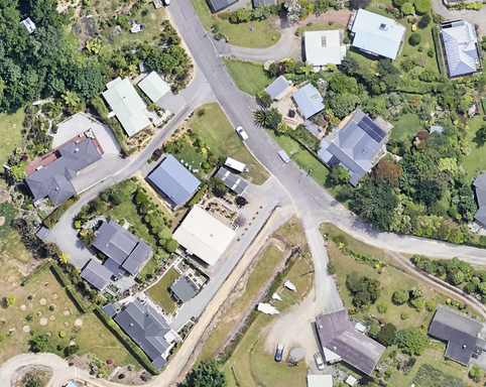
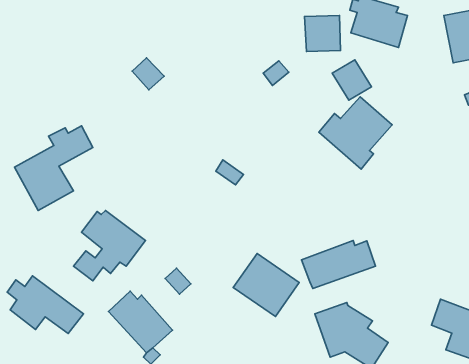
building: [101,78,144,135] -> none
building: [289,80,328,119] -> [332,60,371,100]
building: [147,154,199,205] -> none
building: [169,205,234,266] -> [233,254,299,316]
building: none -> [301,240,375,289]
building: none -> [7,276,83,334]

